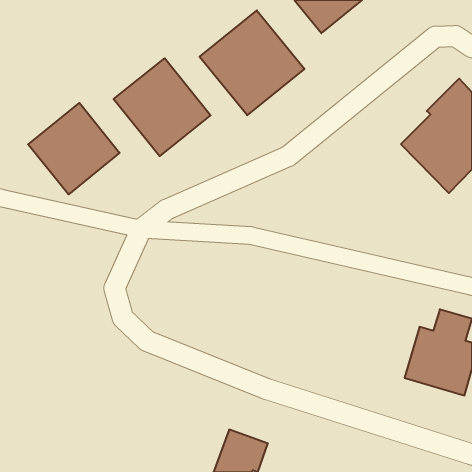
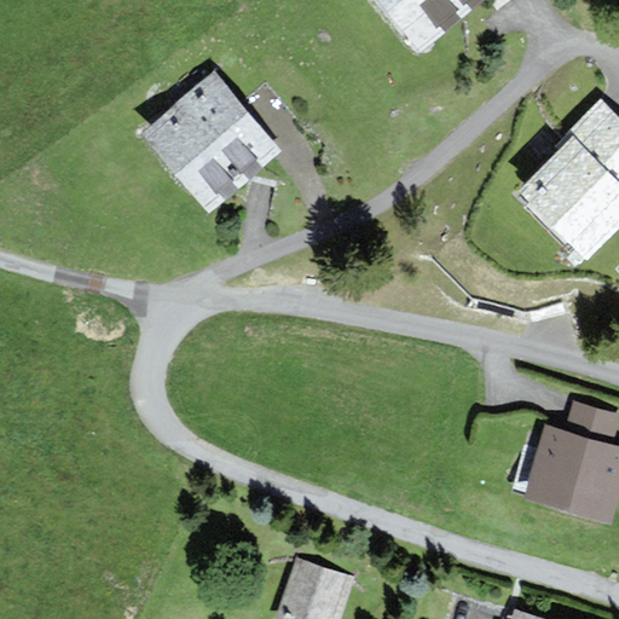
building: [200,10,304,115] -> none
building: [28,103,120,194] -> none

